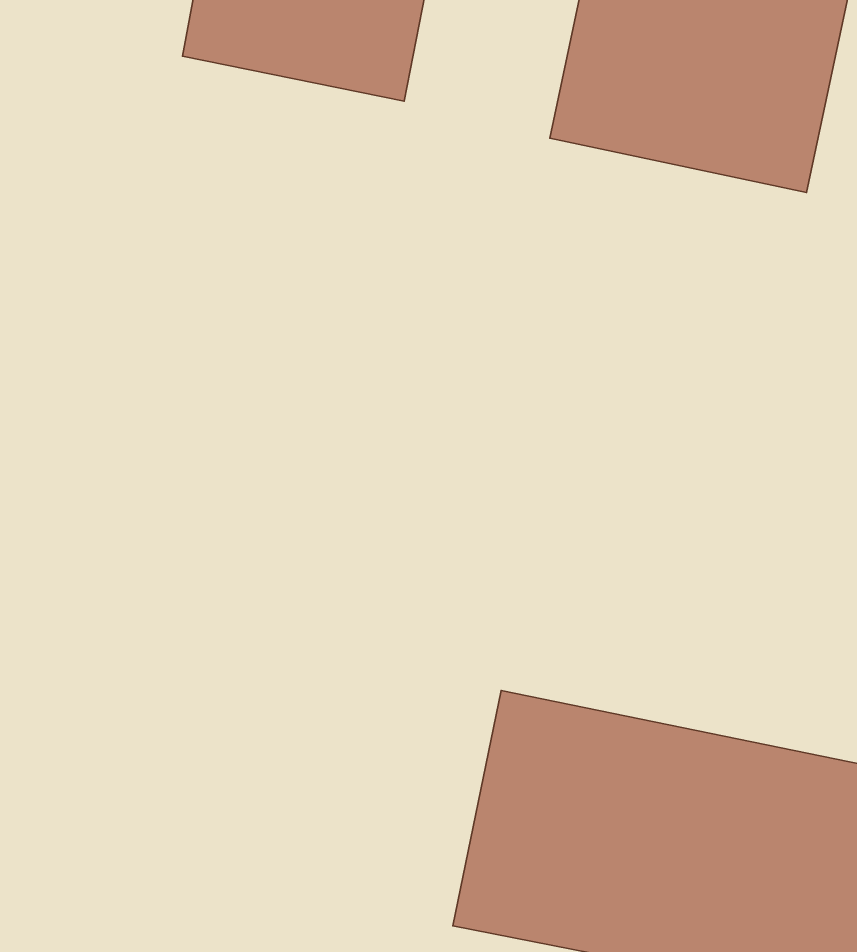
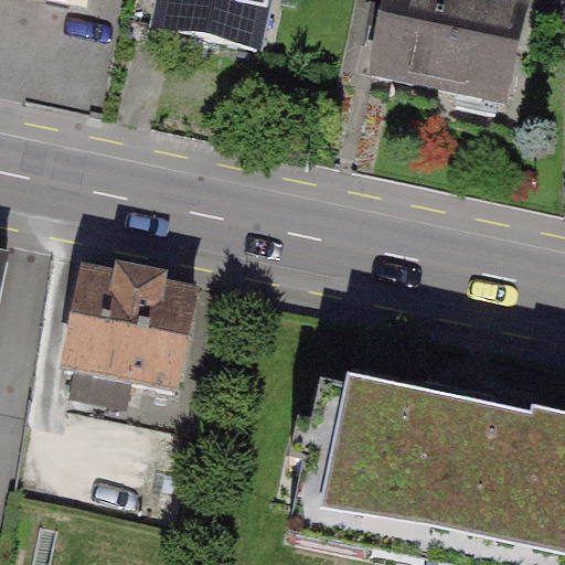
building: none -> [72,265,213,420]

